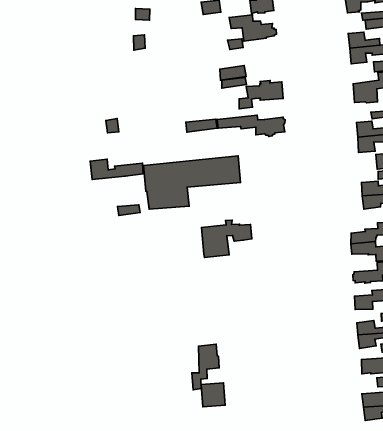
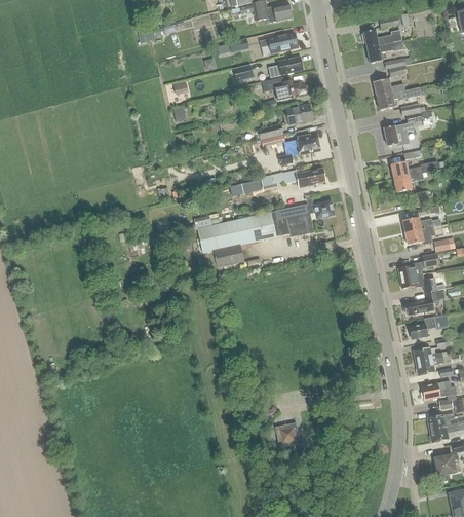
building: none -> [282,104,313,124]
building: [90,159,143,180] -> none
building: [202,220,252,258] -> [284,198,333,236]
building: [192,344,219,390] -> none

